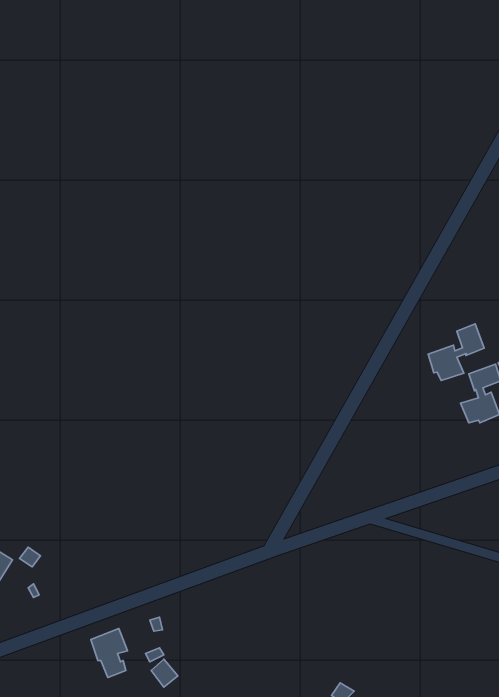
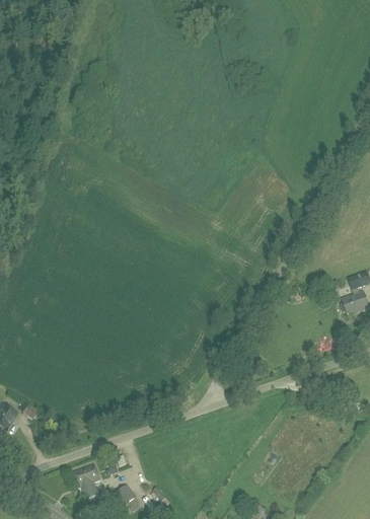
building: [428,324,484,381] -> none

